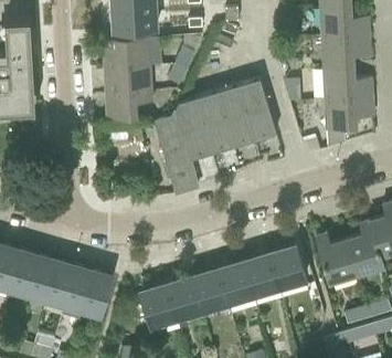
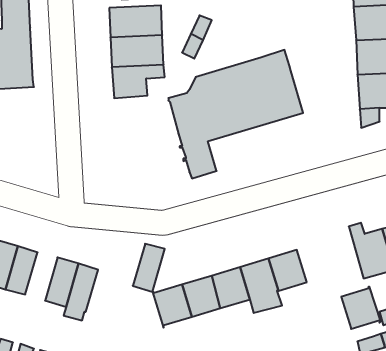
building: [271,248,306,285] -> [341,287,381,329]
building: [28,259,56,302] -> none
building: [82,274,110,317] -> [133,244,165,292]

